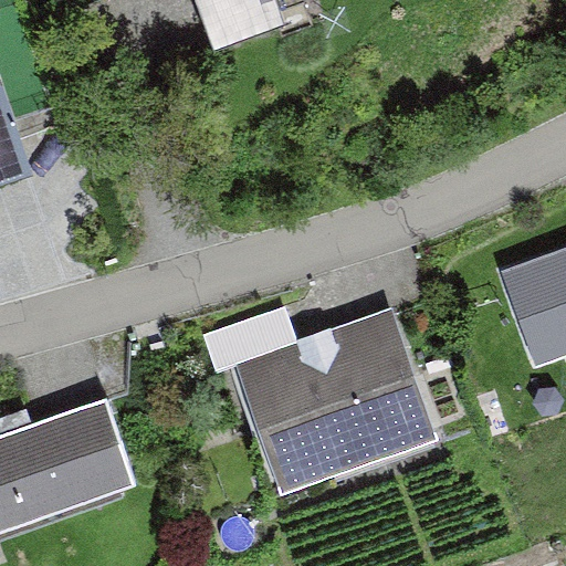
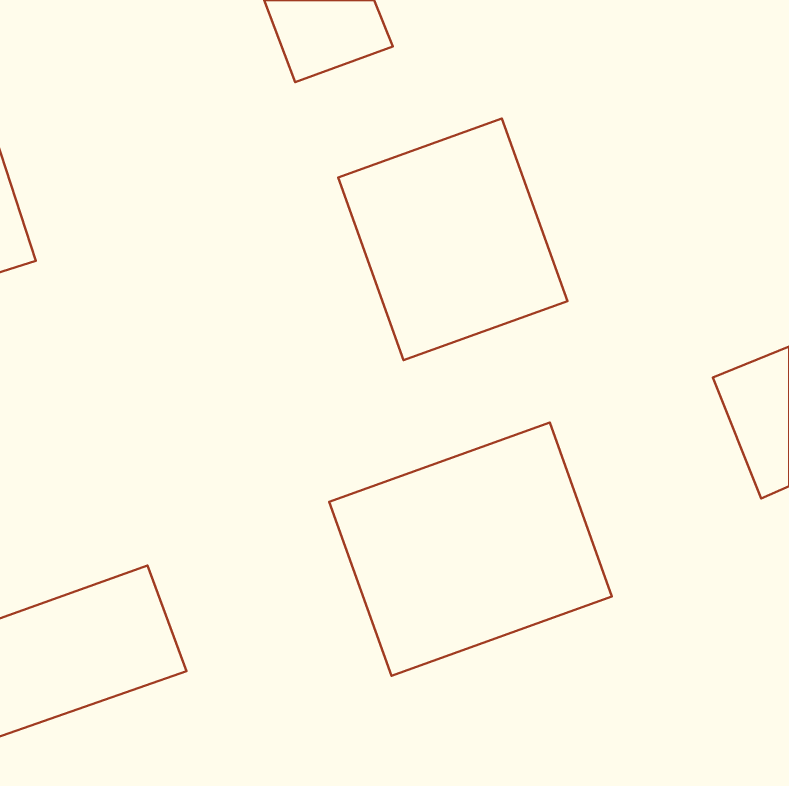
building: none -> [338,118,568,360]

